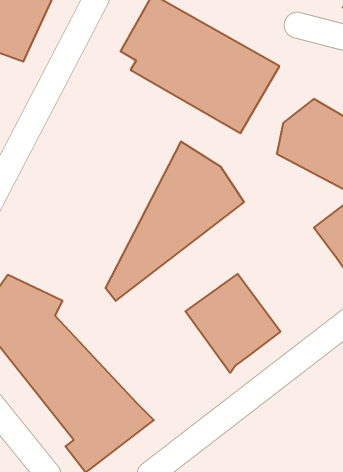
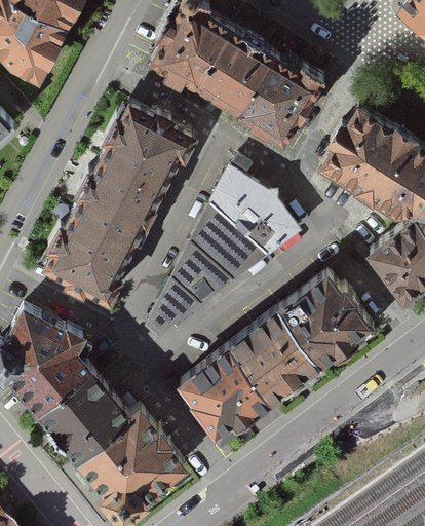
building: none -> [43,99,196,302]
building: none -> [281,269,378,370]
building: none -> [180,347,273,448]

